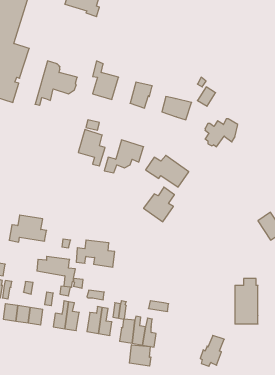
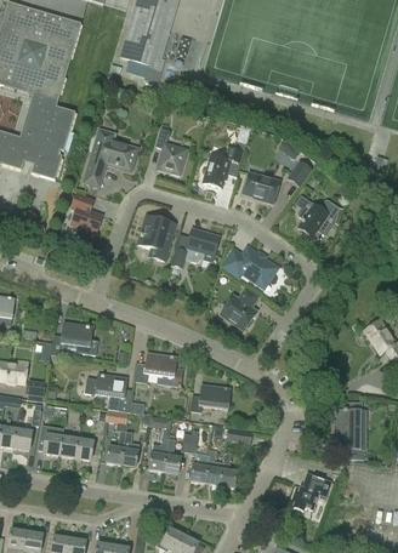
building: none -> [70,193,102,236]
building: none -> [189,384,229,411]
building: [129,345,151,366] -> none

